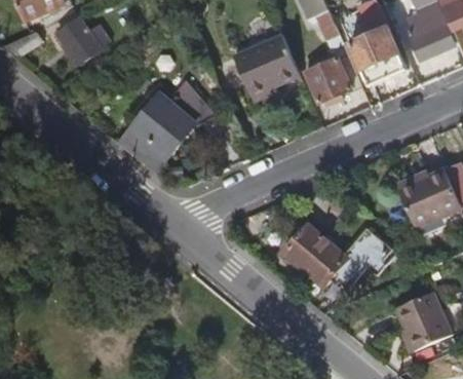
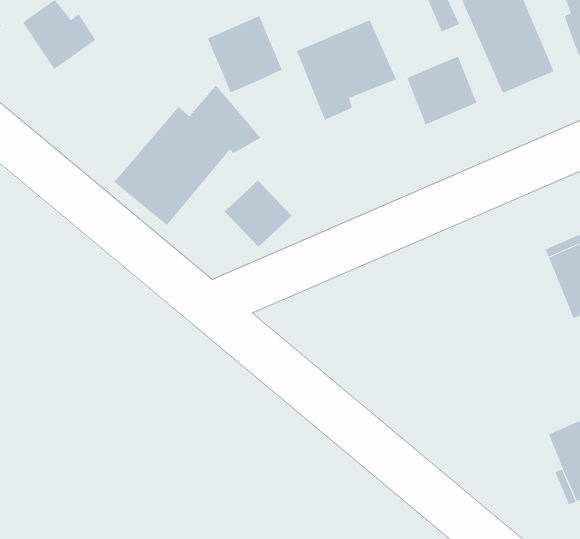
building: none -> [207,15,283,93]
building: none -> [224,180,292,247]
building: [284,225,396,290] -> none

